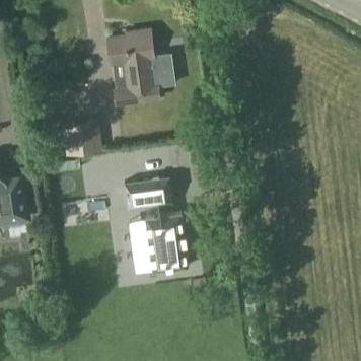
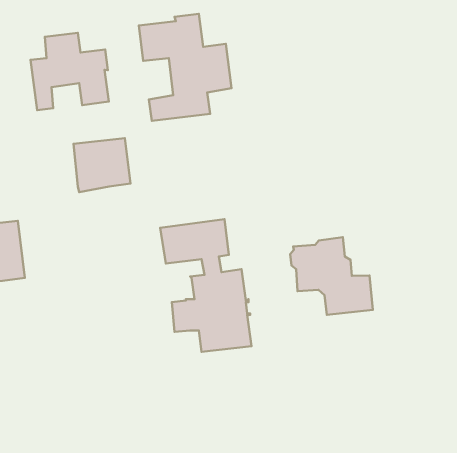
building: none -> [31,33,109,110]
building: none -> [290,237,373,315]

